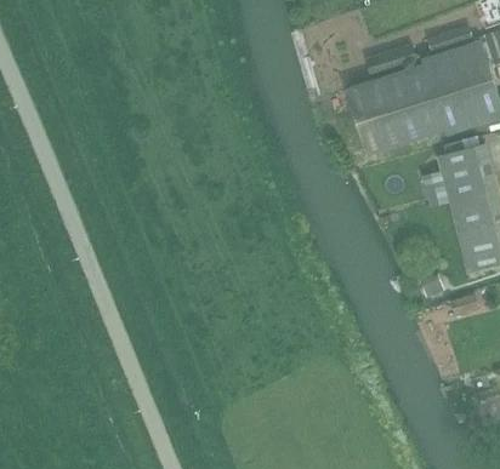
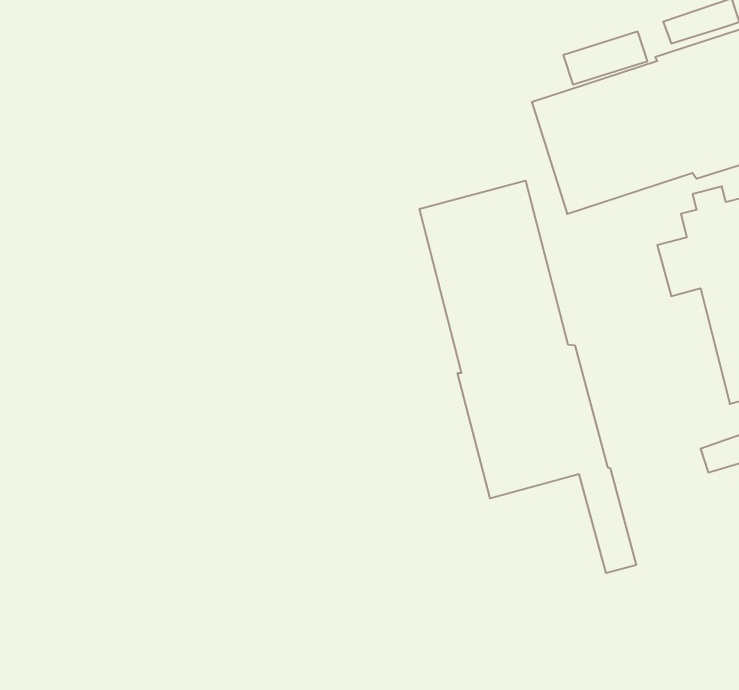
building: none -> [419,181,636,573]

